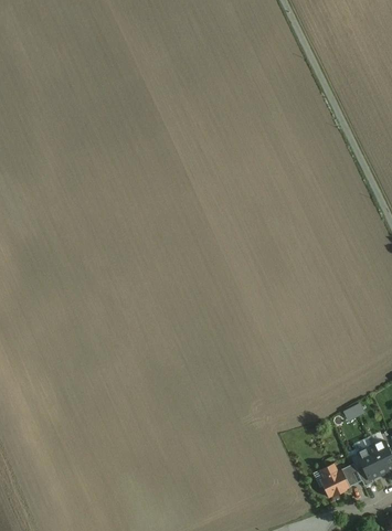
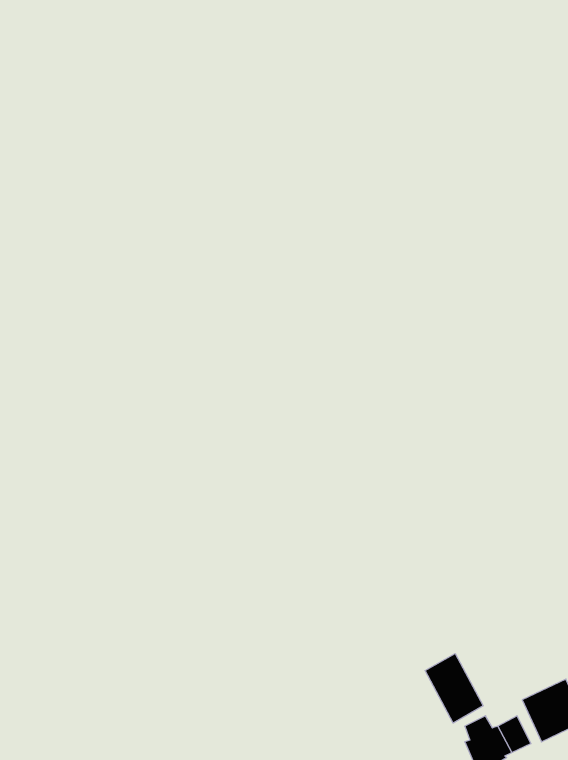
building: none -> [425,654,483,723]

